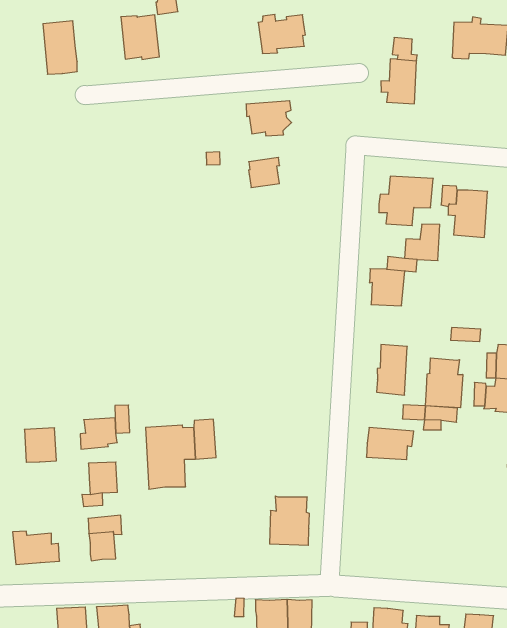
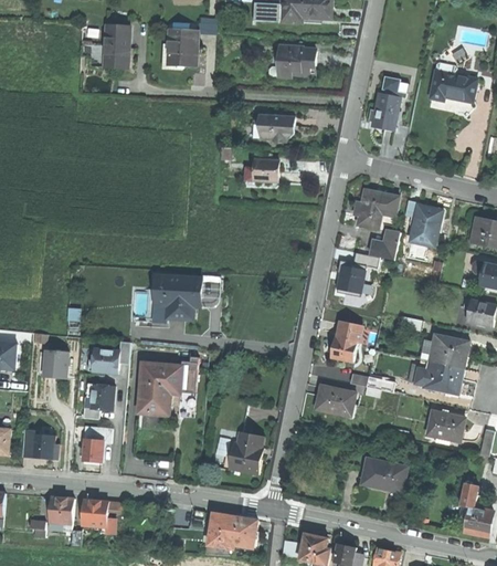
building: none -> [155,276,201,321]
building: [425,358,463,408] -> none
building: none -> [361,460,406,493]

